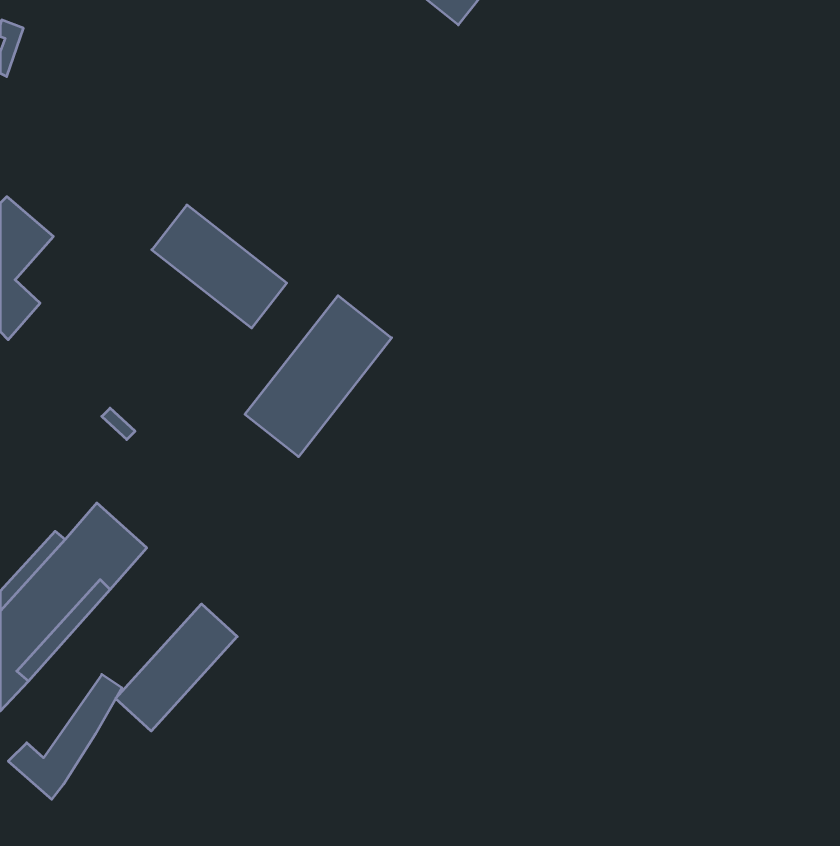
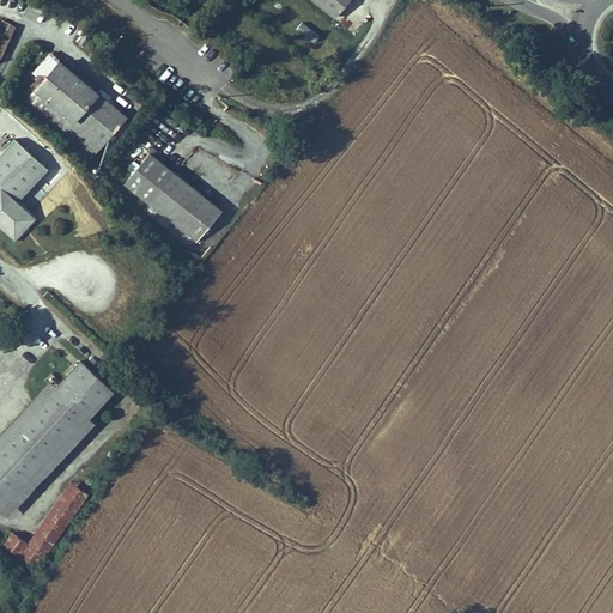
building: none -> [16,53,119,157]
building: [245,296,392,457] -> none
building: [116,604,237,731] -> none

